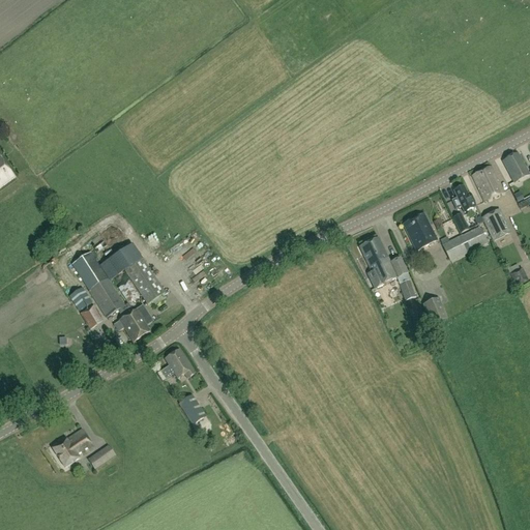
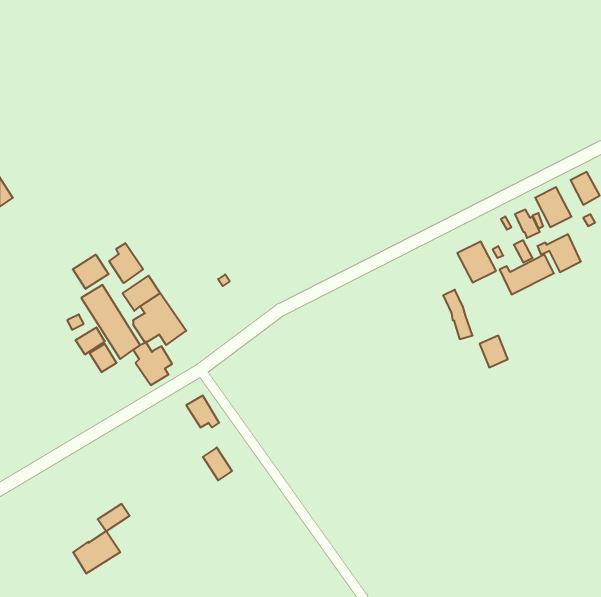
building: none -> [109,243,143,283]
building: none -> [73,255,109,289]
building: [358,236,395,287] -> none
building: [52,428,93,465] -> [73,531,120,573]

